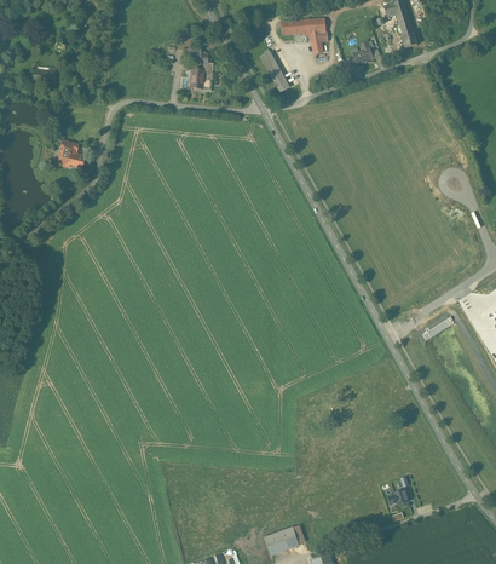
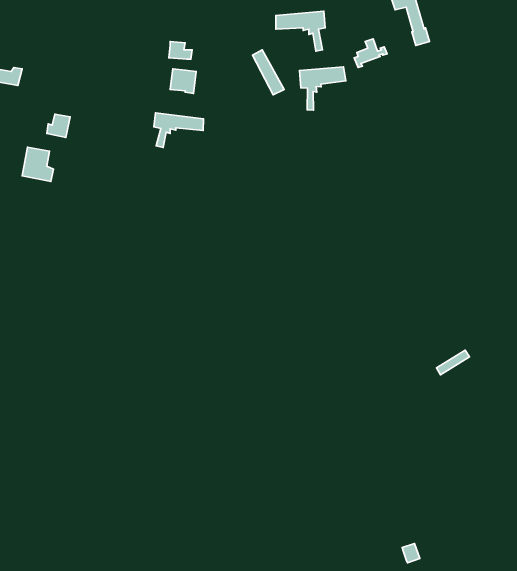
building: none -> [299,67,346,110]
building: none -> [154,113,204,147]

